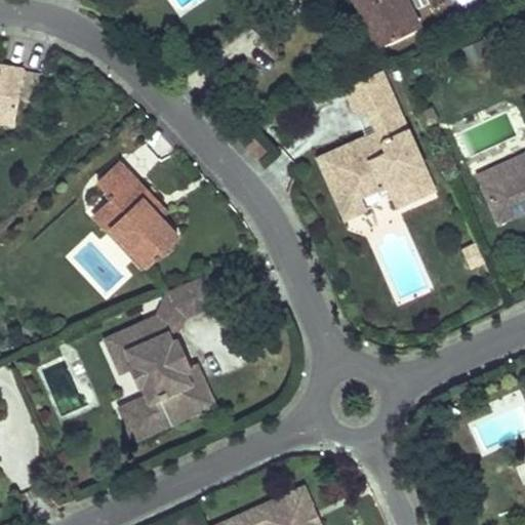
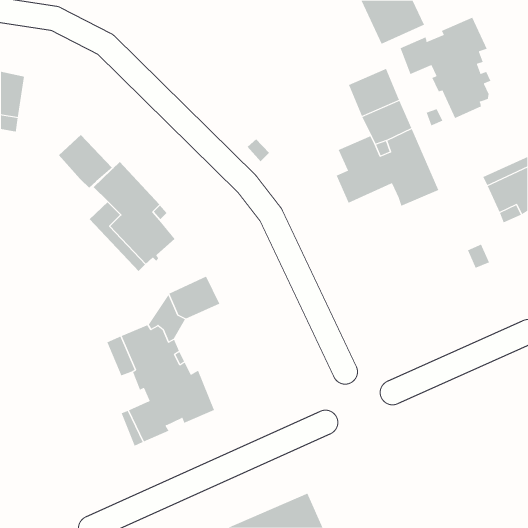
building: none -> [400,17,491,119]
building: none -> [58,134,113,188]
building: [319,149,395,217] -> none

